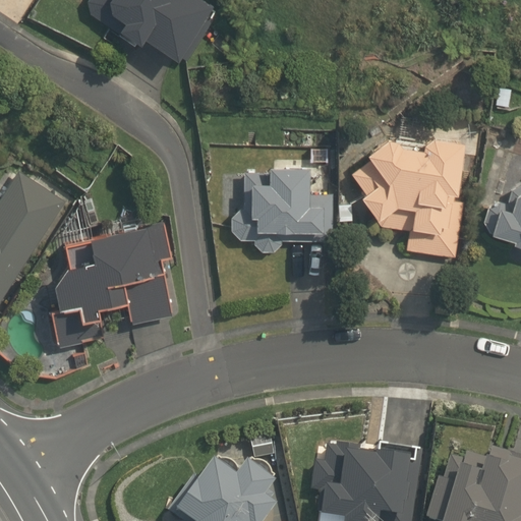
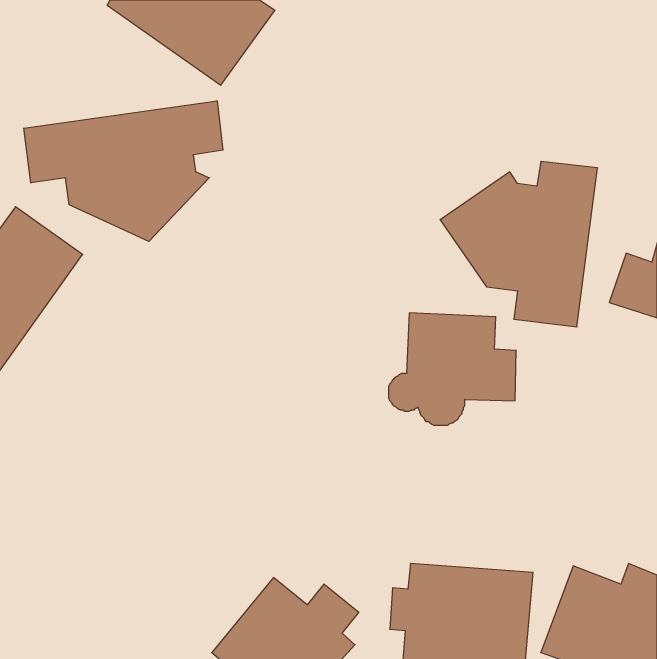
building: none -> [24,101,223,241]
building: [229,164,330,252] -> [389,313,516,425]
building: [52,223,178,349] -> none

